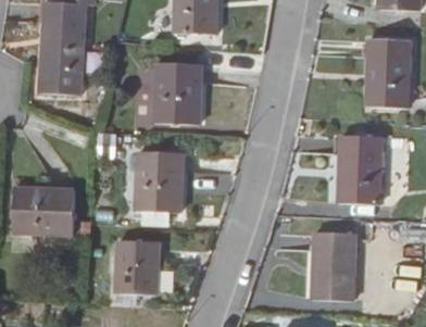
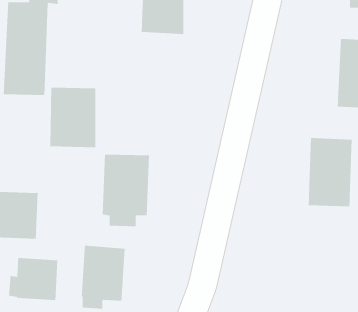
building: [155,64,201,124] -> [49,87,96,148]
building: [312,231,355,301] -> none
building: none -> [8,257,58,301]

